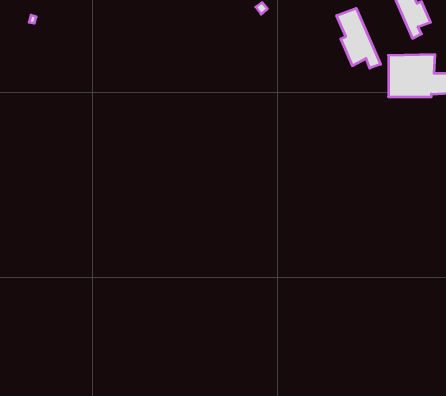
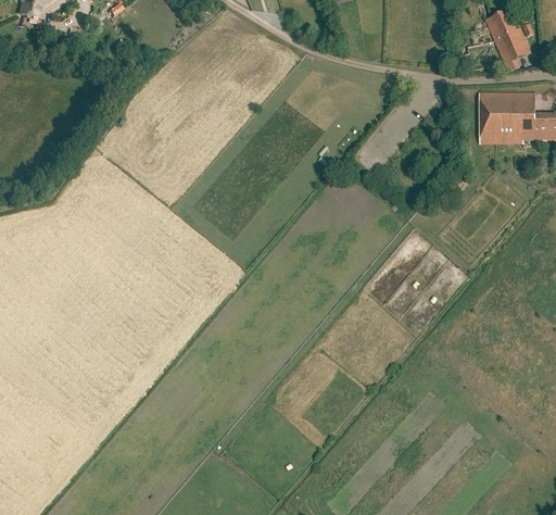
building: [337,8,381,68] -> none

